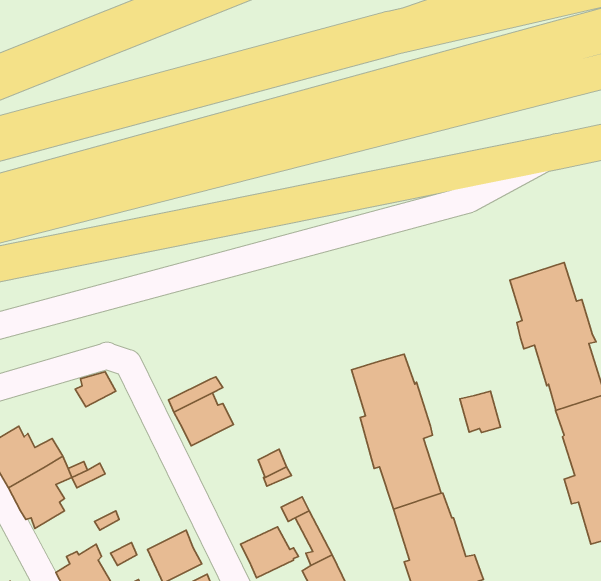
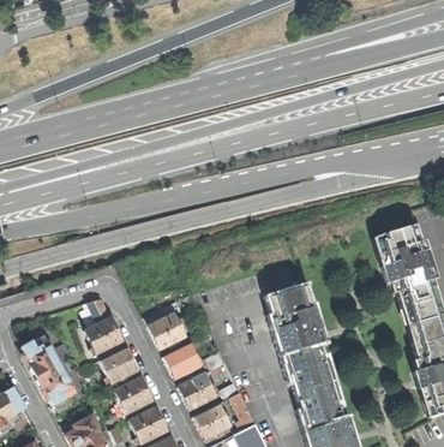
building: none -> [85,312,121,356]
building: [460,391,501,433] -> none
building: none -> [163,344,203,380]
building: none -> [100,348,137,386]
building: none -> [178,374,218,410]
building: none -> [115,379,152,413]

